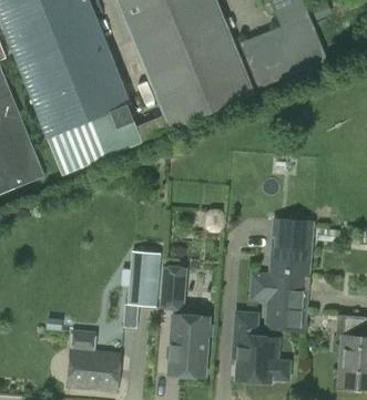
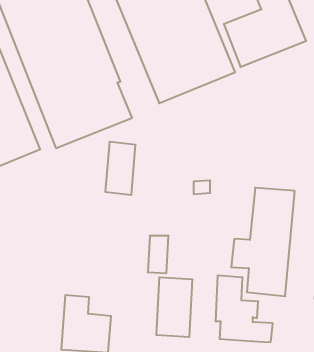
building: [128,249,160,306] -> [105,142,136,195]

